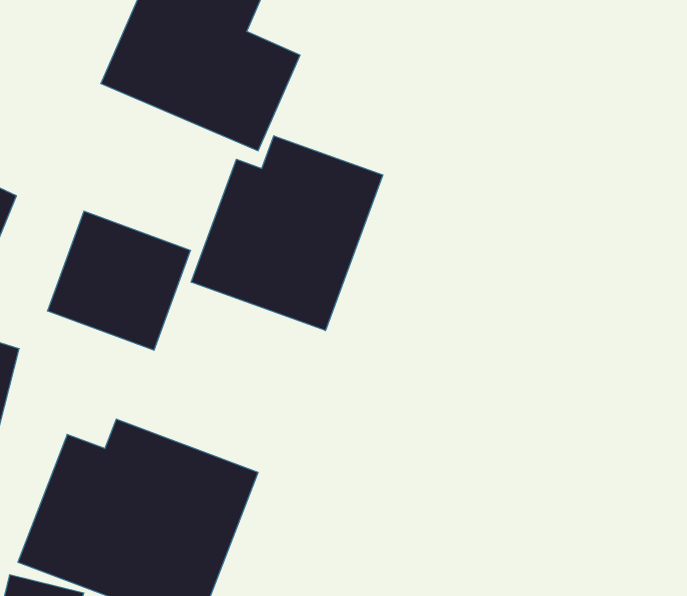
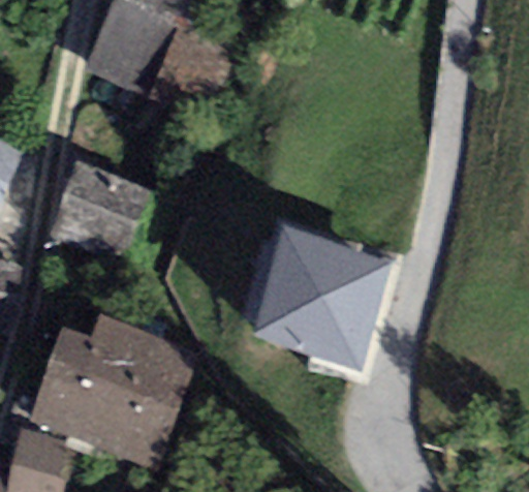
building: [191,136,383,331] -> none
building: none -> [243,225,391,370]

